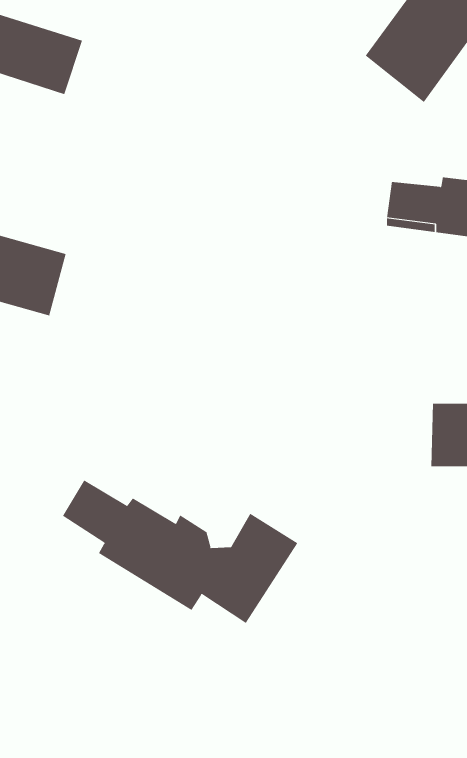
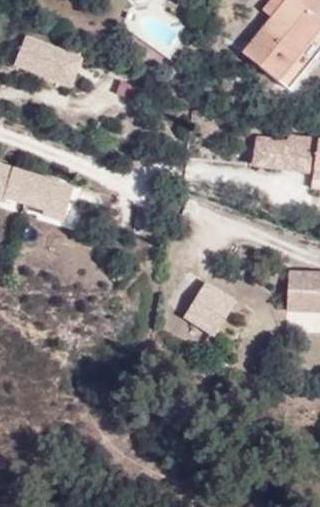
building: none -> [186,287,237,338]
building: [62,480,298,624] -> none

